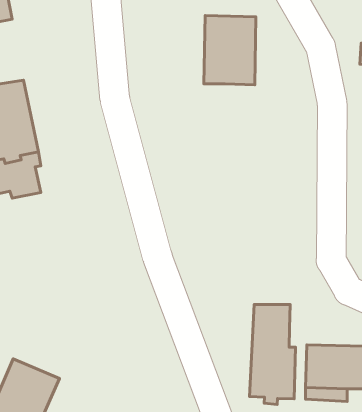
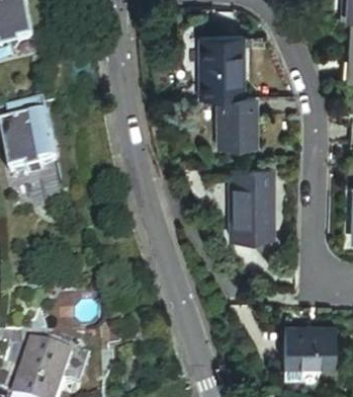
building: none -> [218,99,257,147]
building: none -> [228,178,275,248]
building: [250,304,296,404] -> none

